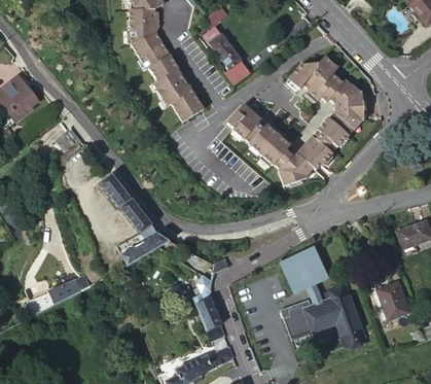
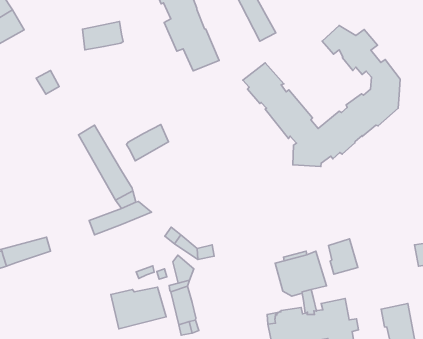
building: none -> [82,22,123,50]
building: none -> [127,124,169,161]
building: none -> [329,239,358,274]
building: none -> [111,287,166,329]

